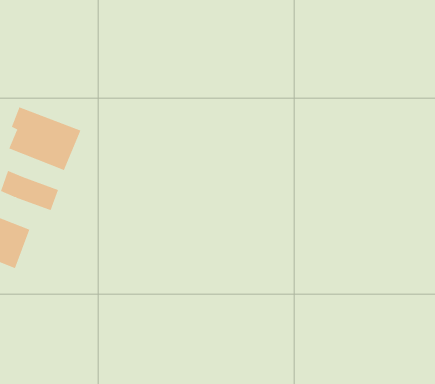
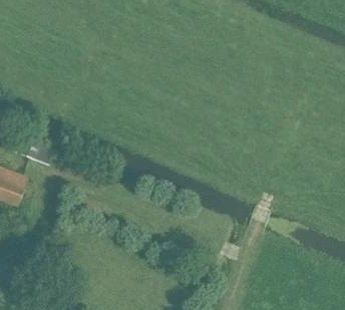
building: [9,106,81,171] -> none

